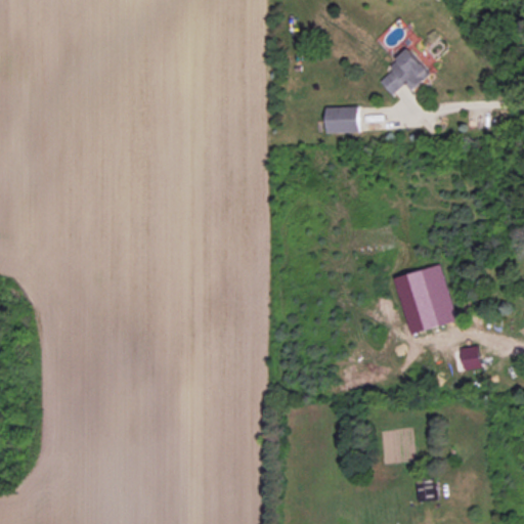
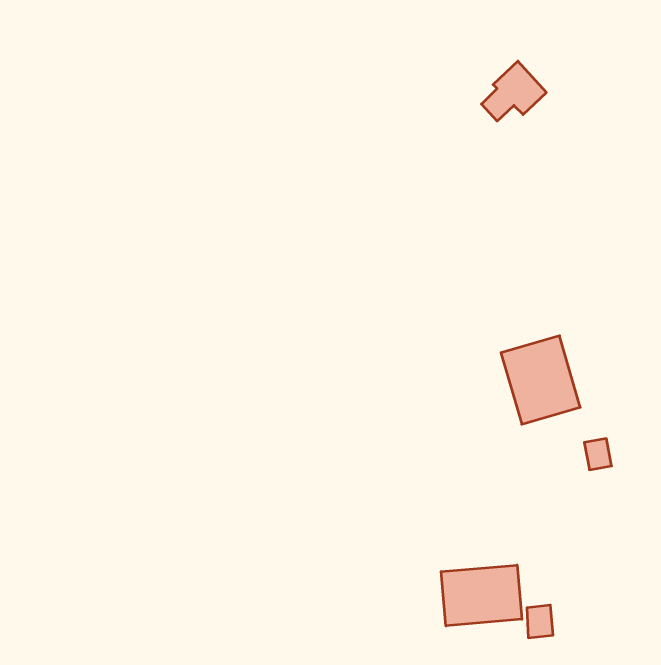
building: [325,106,359,132] -> none
building: none -> [441,565,522,626]

